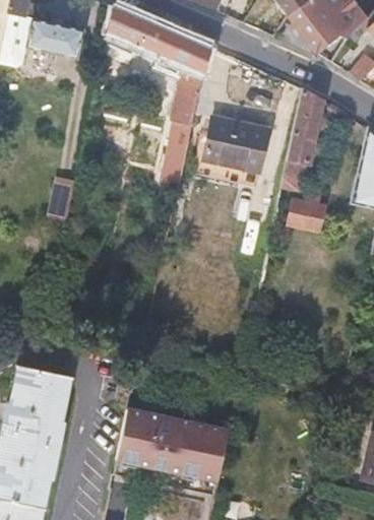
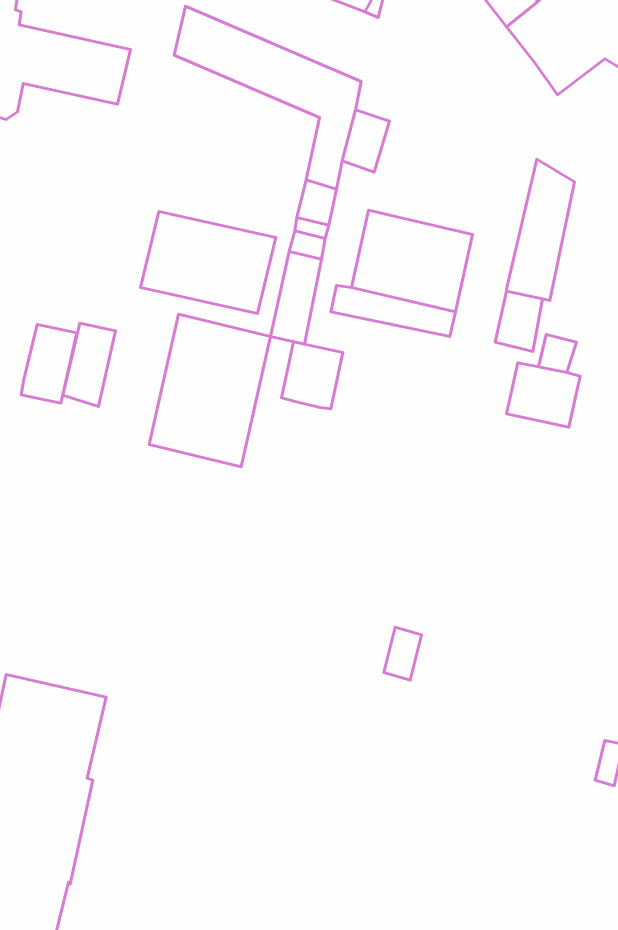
building: none -> [141,211,276,313]
building: none -> [149,314,270,467]
building: none -> [21,325,77,403]
building: none -> [282,342,343,409]
building: [118,404,230,476] -> none

